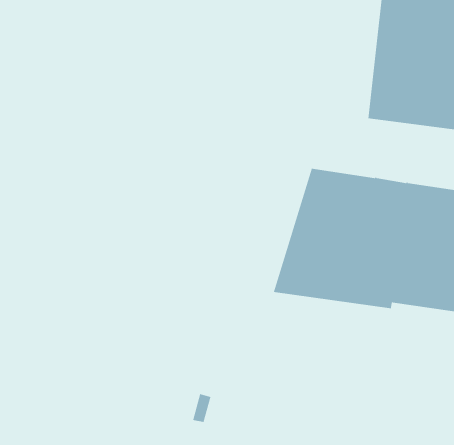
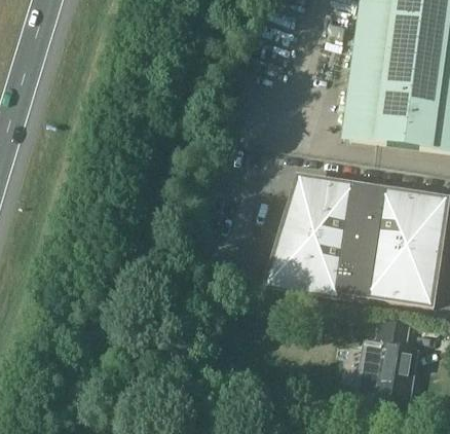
building: none -> [358,319,417,407]

